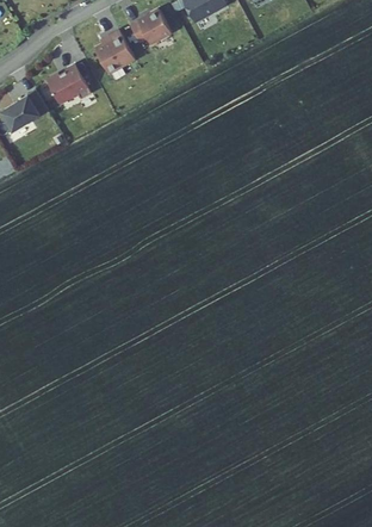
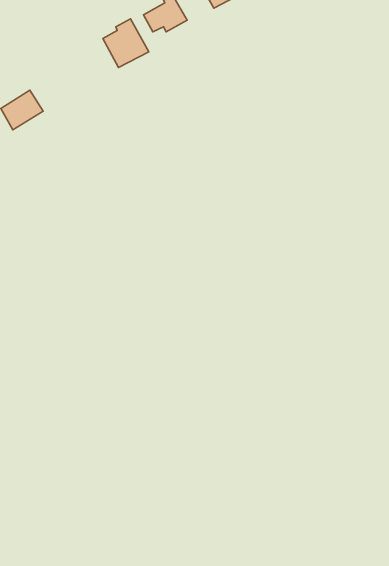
building: [46,63,92,103] -> none

